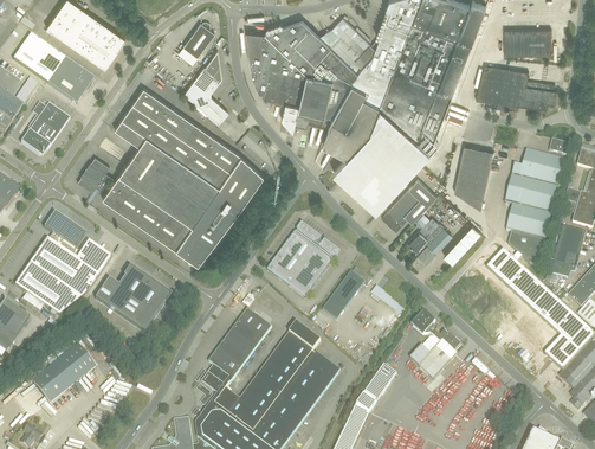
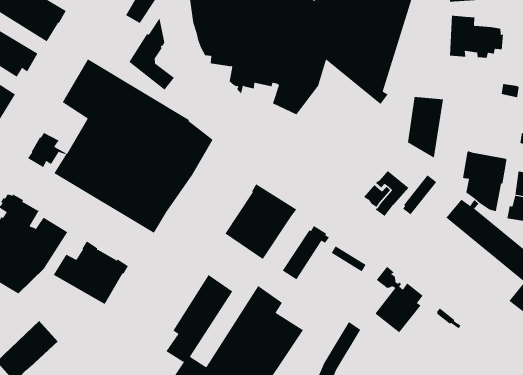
building: [474,66,505,109] -> none
building: [332,107,429,212] -> none
building: [504,150,564,214] -> none
building: [381,179,435,232] -> none

